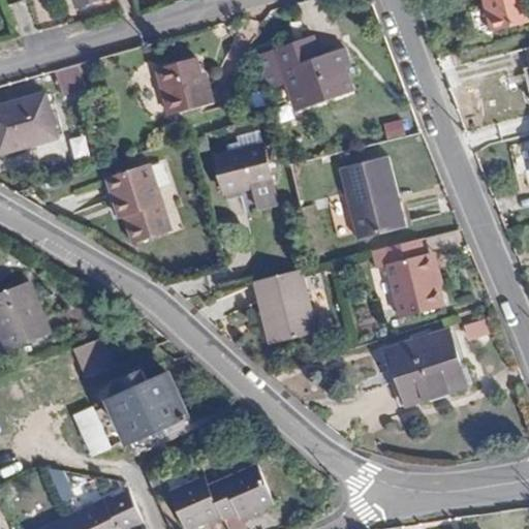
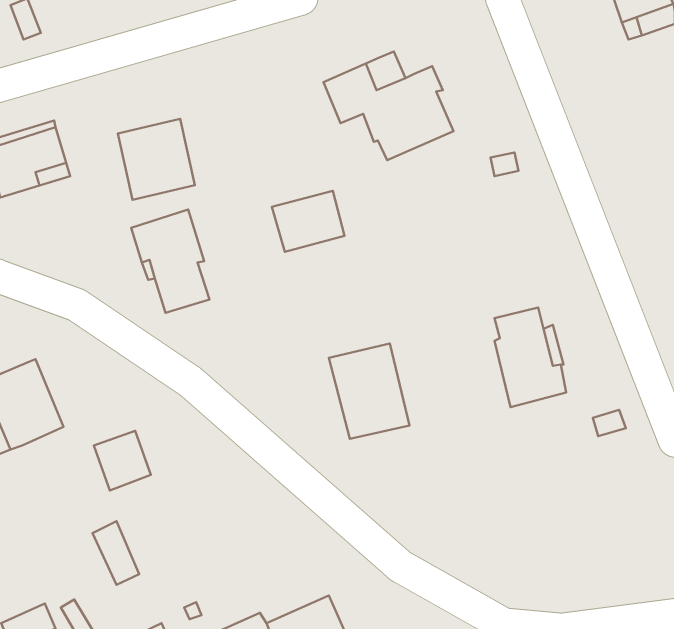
building: [152,54,212,117] -> [118,119,195,200]
building: [344,162,407,237] -> none
building: [387,330,464,404] -> none
building: [107,370,186,442] -> none

